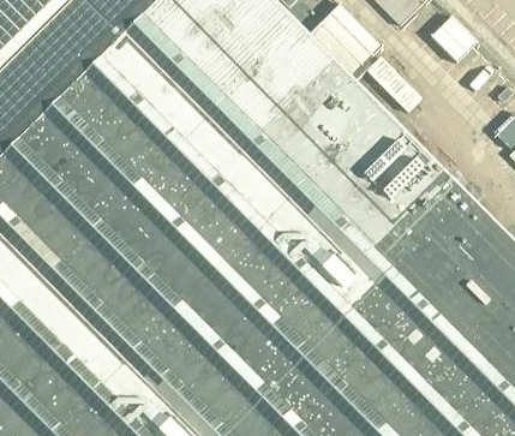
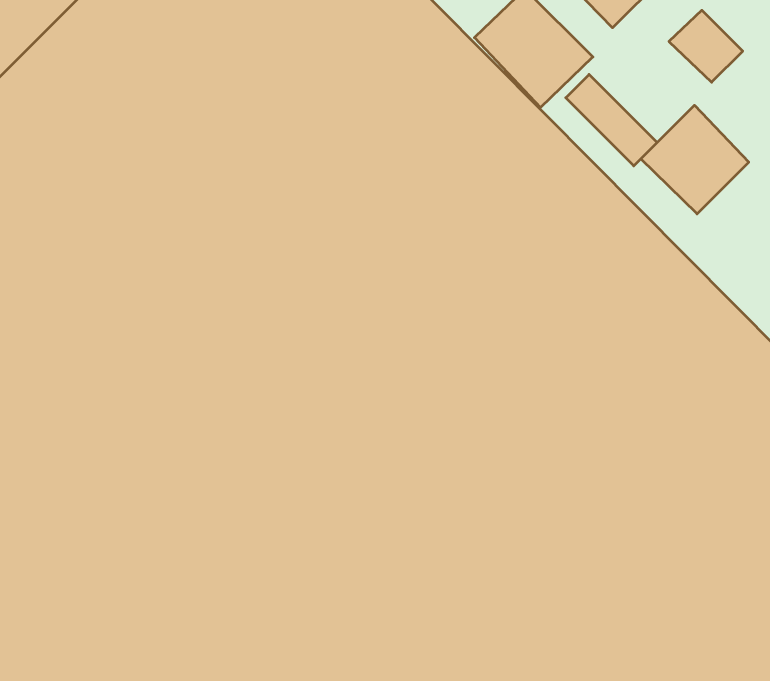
building: none -> [641,105,749,214]

